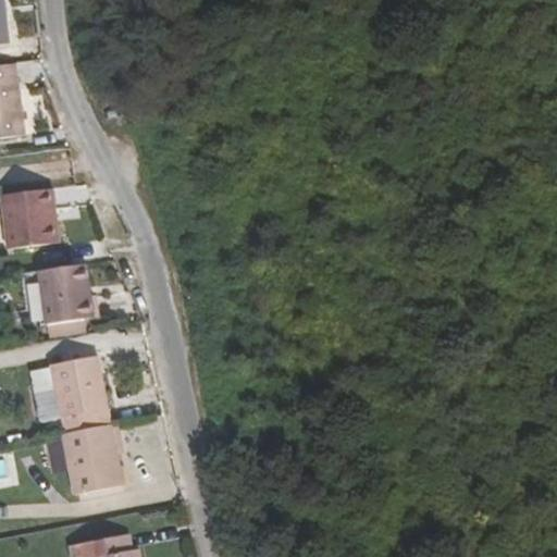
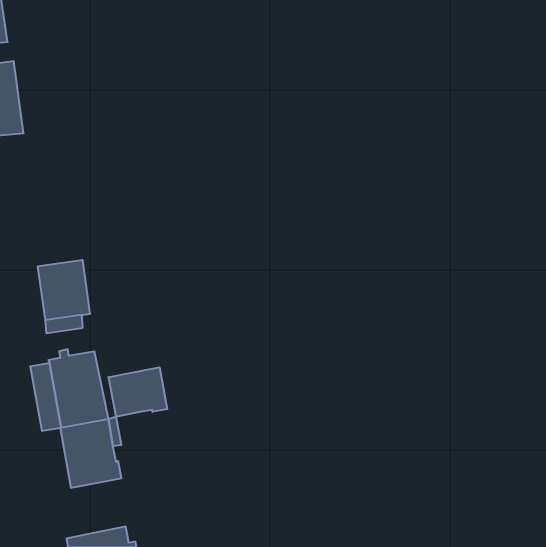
building: [10,187,69,247] -> none
building: none -> [108,367,167,417]

